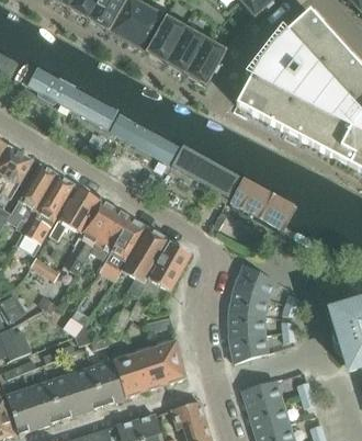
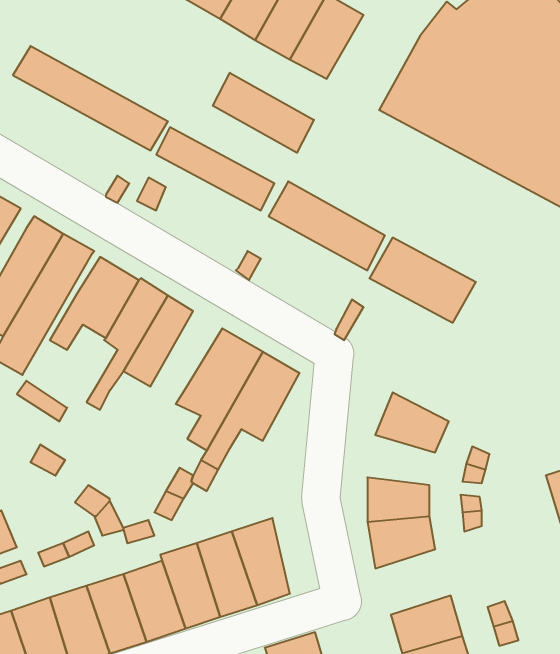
building: none -> [213,73,314,153]
building: [100,217,147,279] -> none
building: [229,287,268,316] -> none

